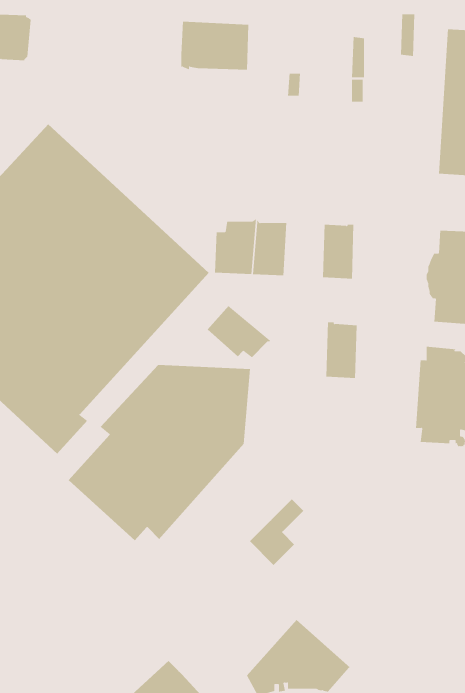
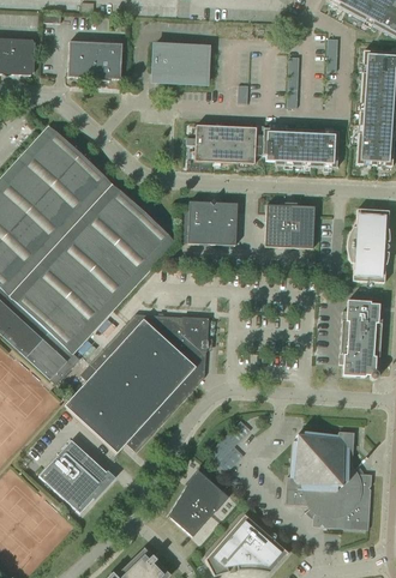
building: none -> [67,41,122,82]
building: none -> [186,125,338,168]
building: [207,305,272,358] -> none
building: [325,322,357,378] -> [289,204,314,248]
building: none -> [286,431,372,530]
building: none -> [38,440,109,513]
building: none -> [168,470,228,536]

